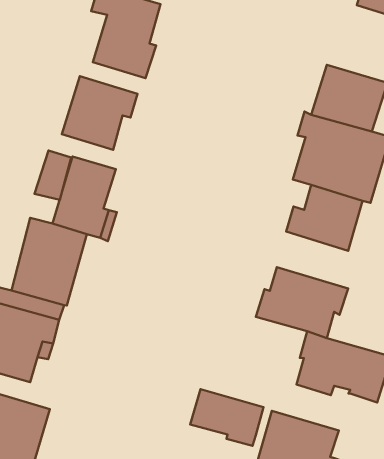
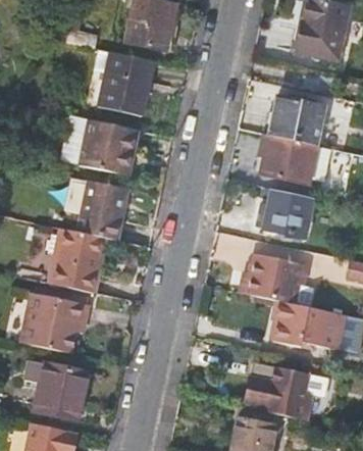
building: [190,389,263,446] -> none

